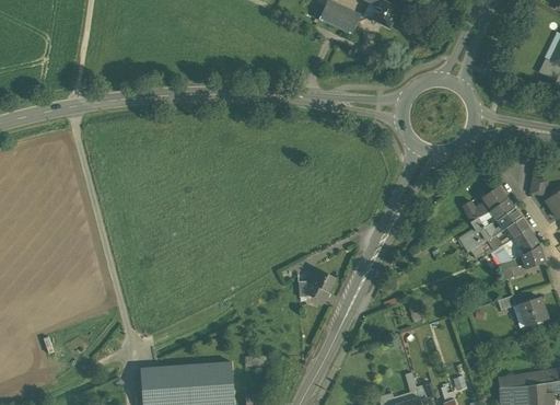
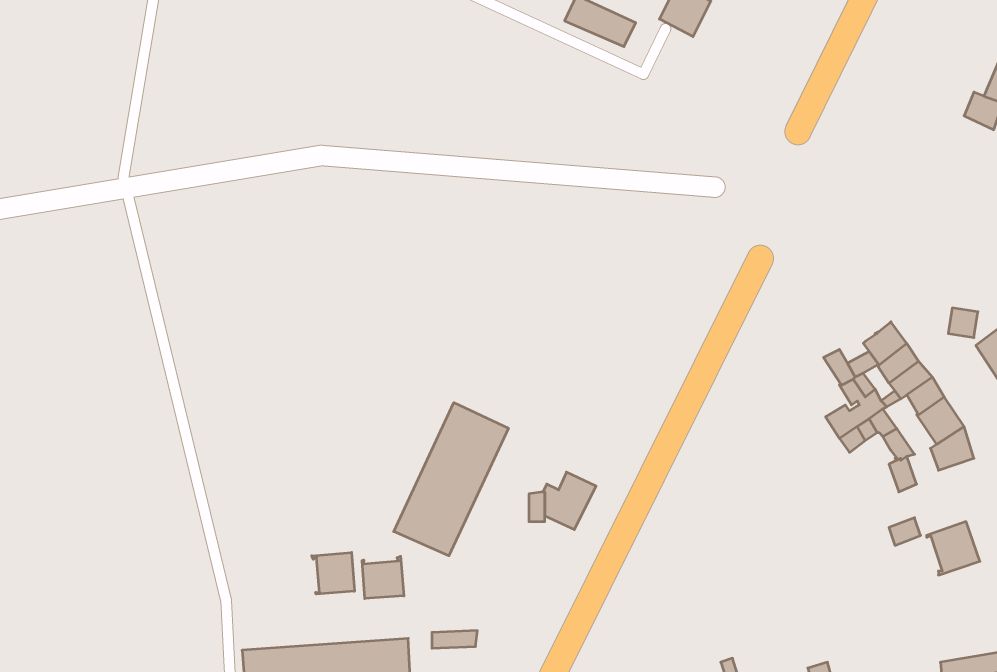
building: none -> [394,403,508,556]
building: none -> [312,552,354,594]
building: none -> [362,556,404,599]

